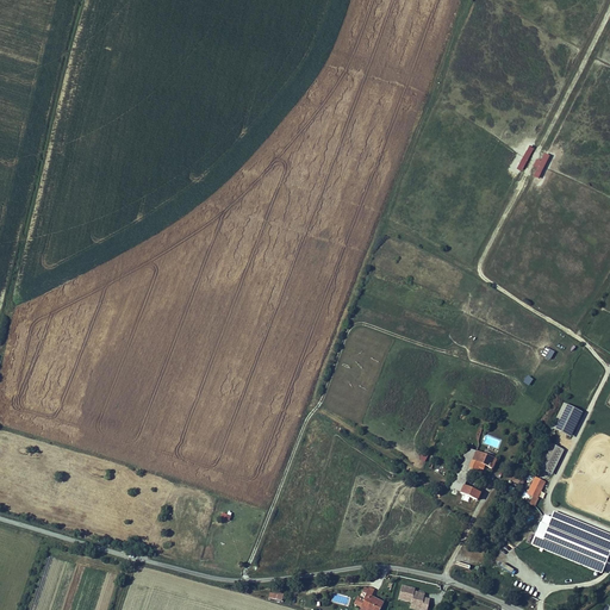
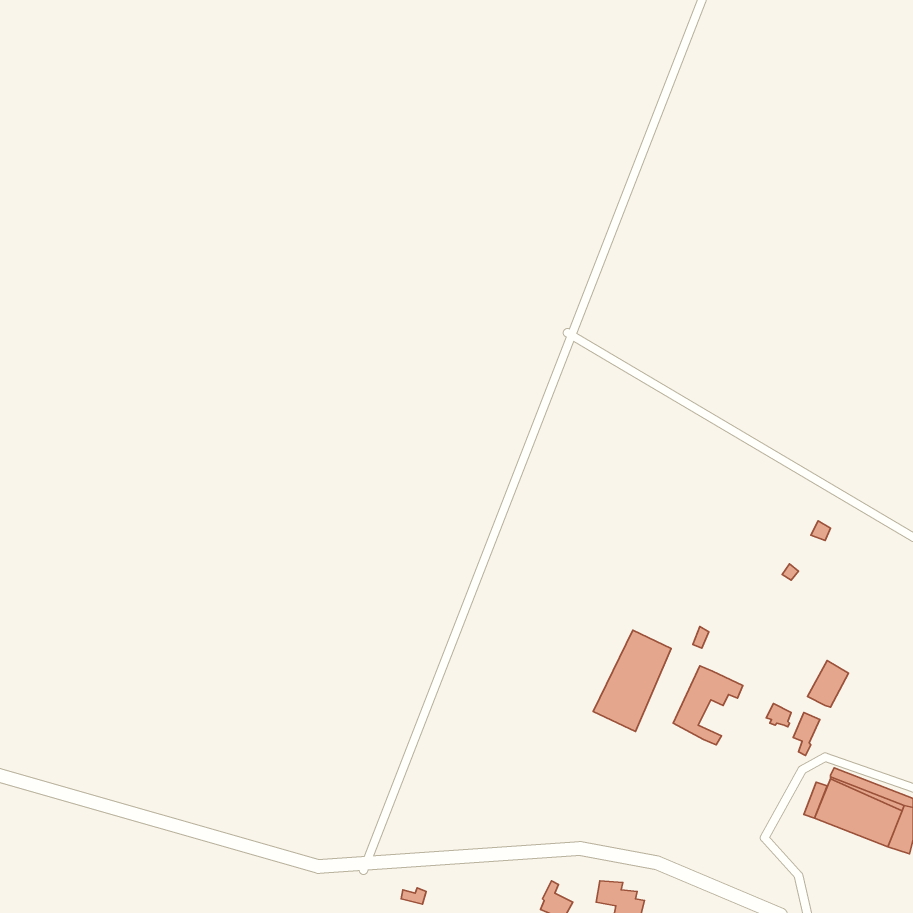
building: [554,403,584,436] -> none
building: none -> [593,630,671,731]

